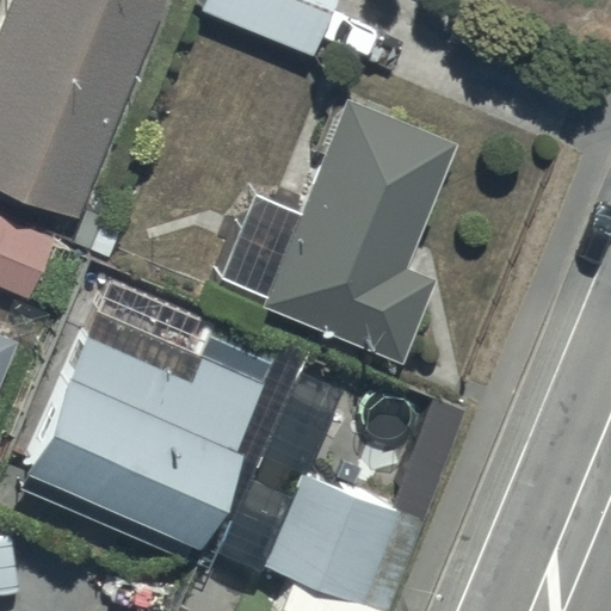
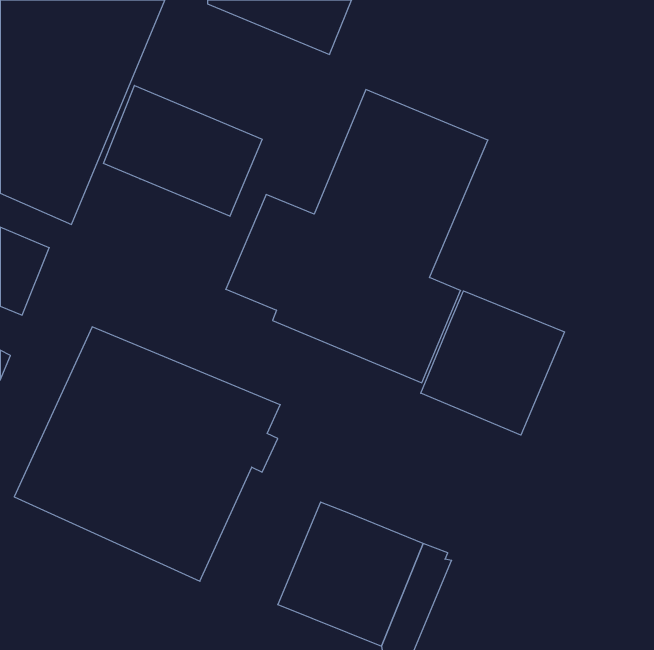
building: none -> [103,85,262,216]
building: none -> [421,291,565,435]

